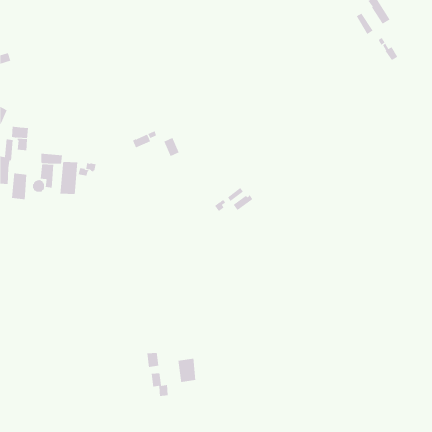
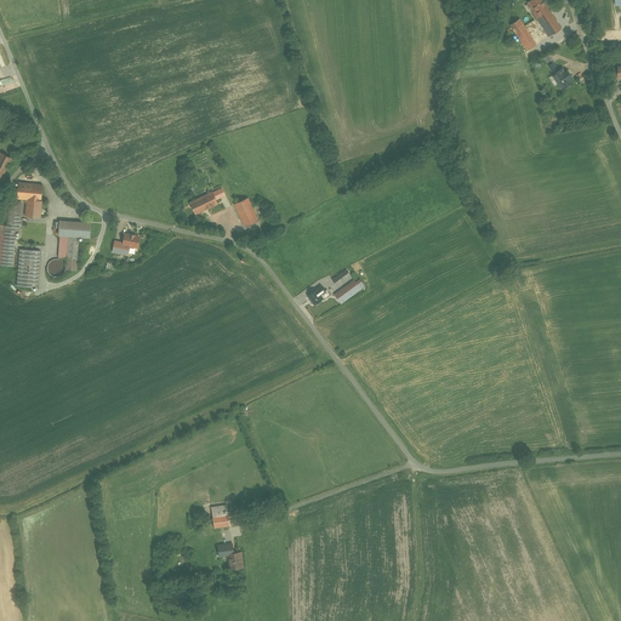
building: [60,161,78,195] -> none
building: [178,358,196,383] -> none

